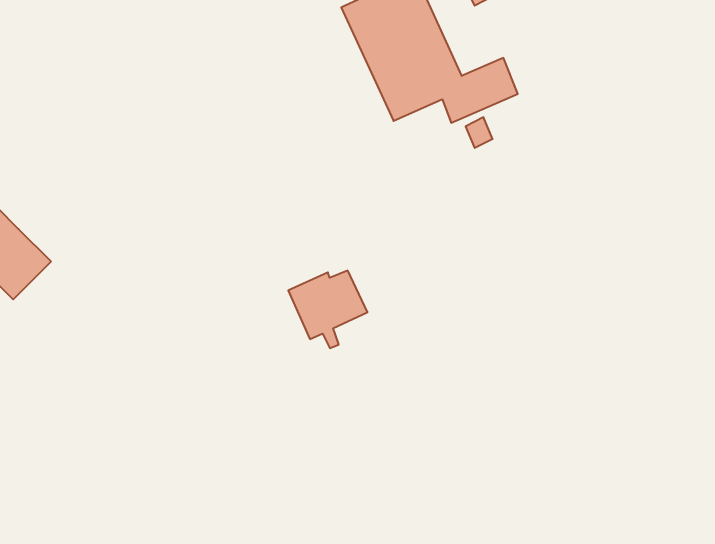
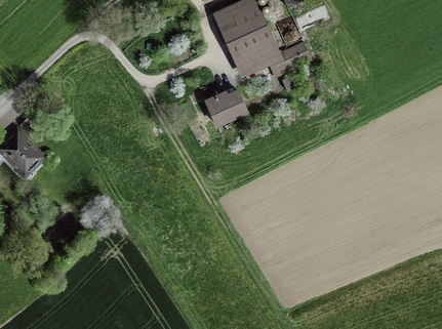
building: [288,271,368,348] -> [203,86,248,130]

